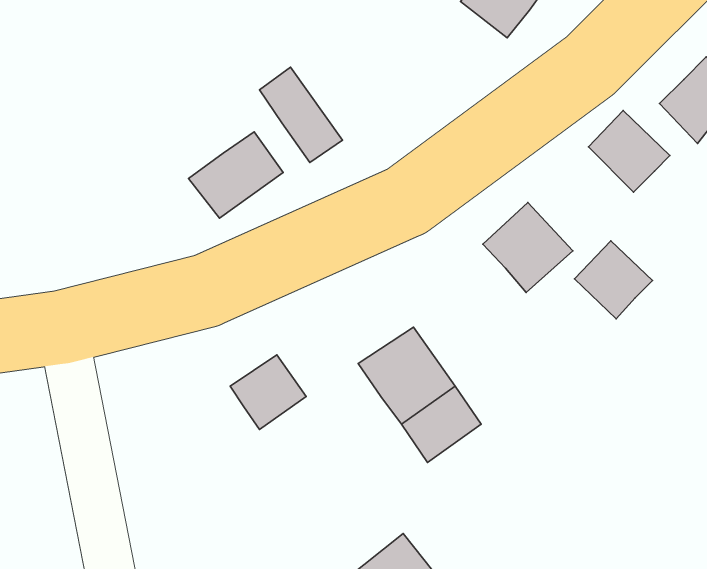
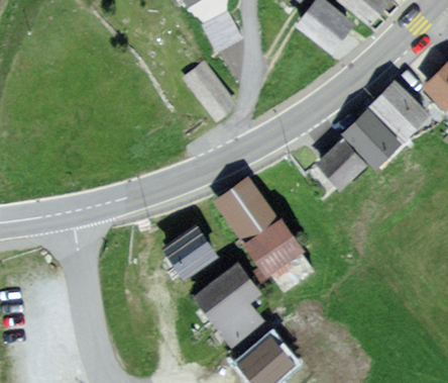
building: [188,132,283,218] -> none
building: [575,241,652,319] -> [350,117,396,163]
building: none -> [217,176,274,234]
building: none -> [197,267,258,340]

